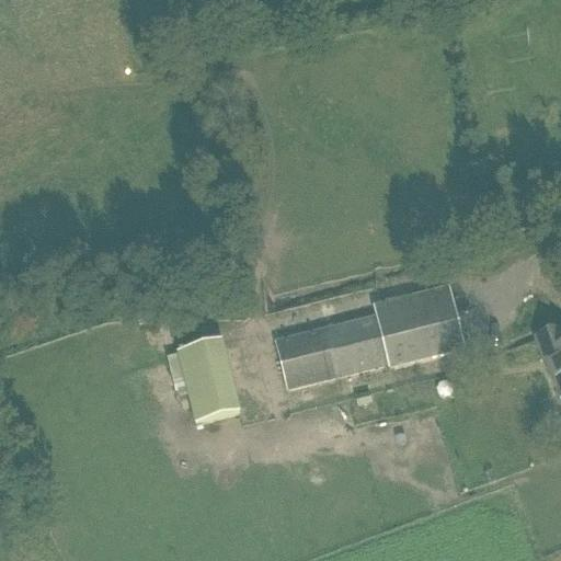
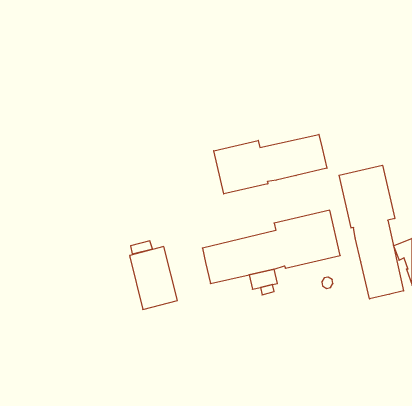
building: none -> [214,134,327,194]
building: none -> [339,165,404,299]

